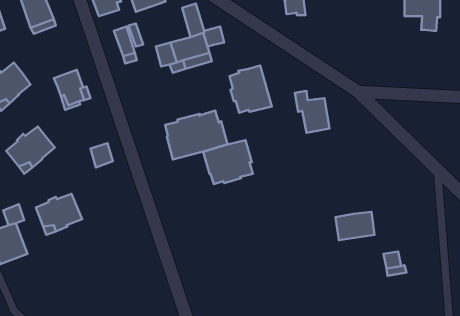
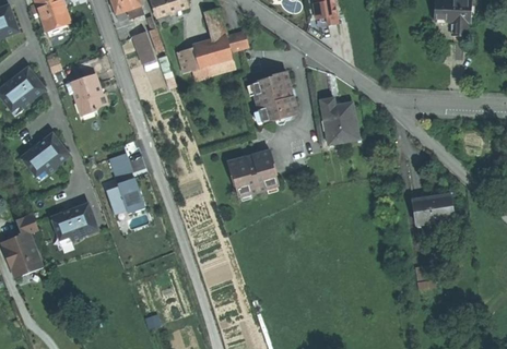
building: [165,111,227,159] -> none
building: none -> [102,178,142,216]
building: [336,212,375,240] -> [412,193,452,222]

